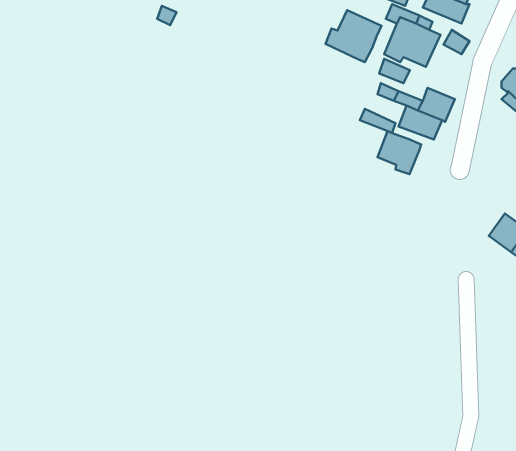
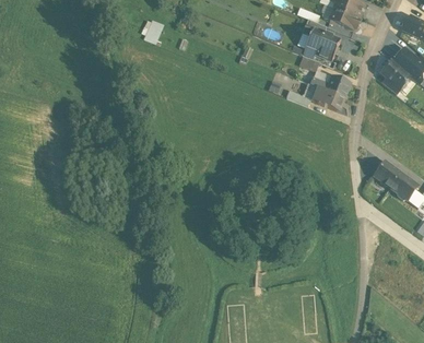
building: [326,10,382,62] -> none
building: [378,131,421,174] -> none

